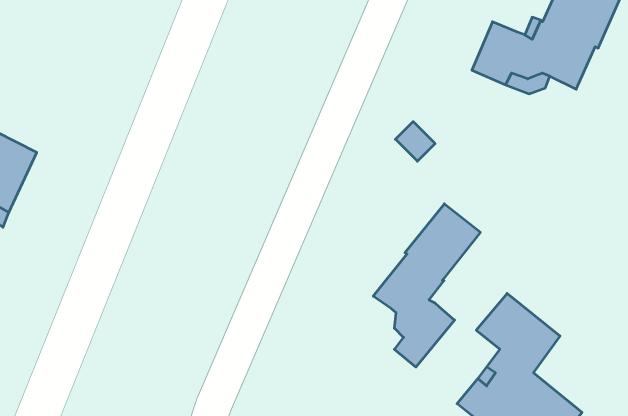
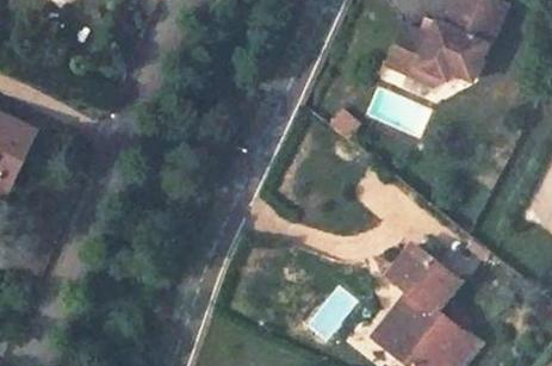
building: [373,204,480,367] -> none

